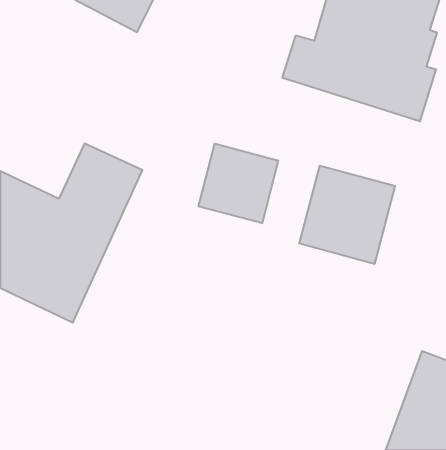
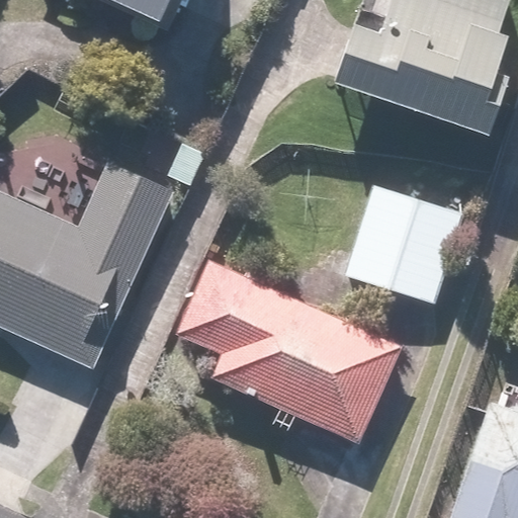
building: [198,144,278,223] -> none
building: none -> [173,260,399,440]

